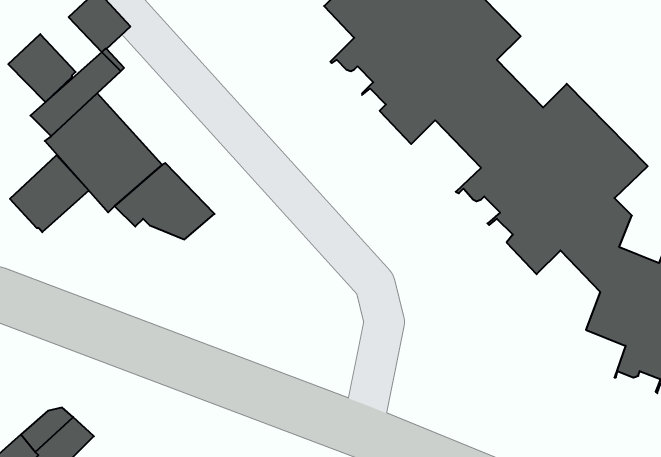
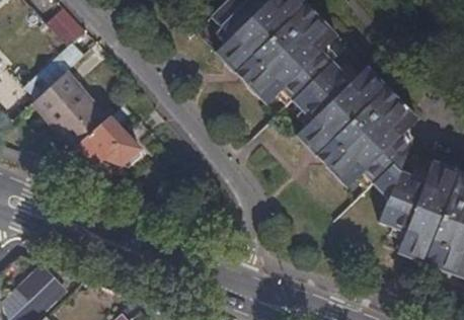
building: [8,34,76,102] -> none
building: [10,155,89,232] -> none

